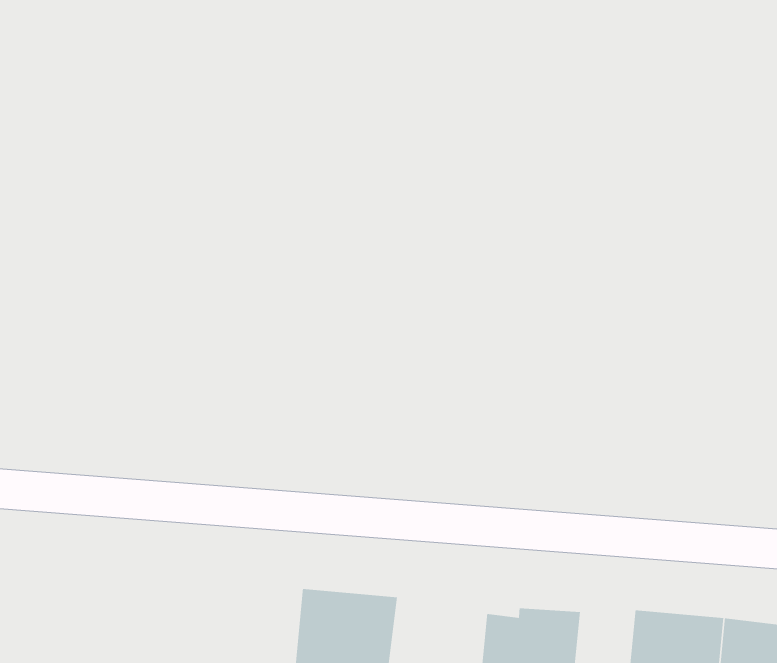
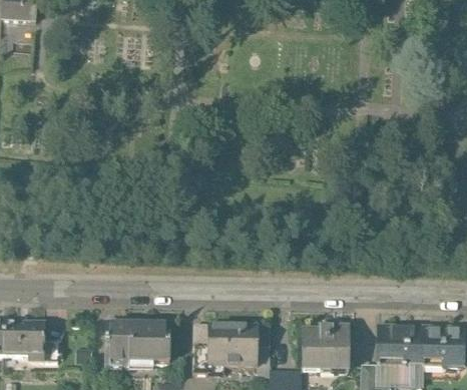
building: none -> [106,322,171,361]

